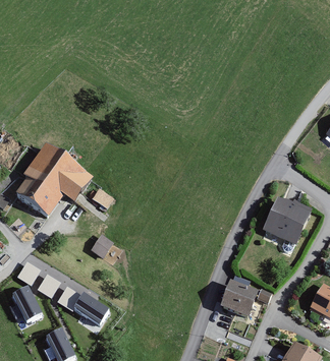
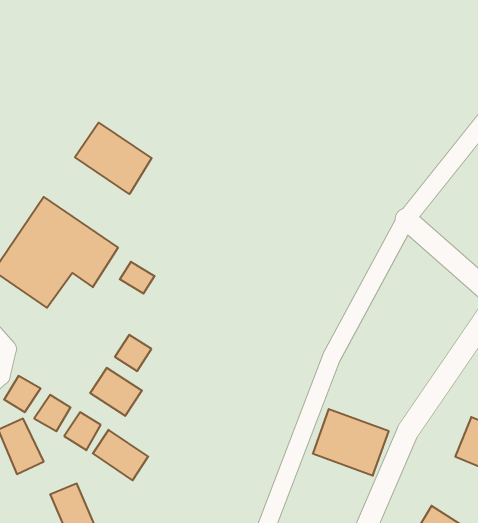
building: none -> [75,123,152,194]
building: [259,196,312,249] -> none
building: none -> [90,368,142,416]

